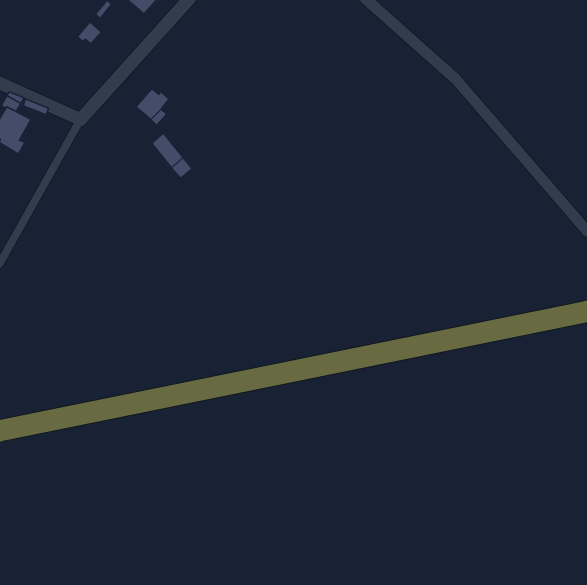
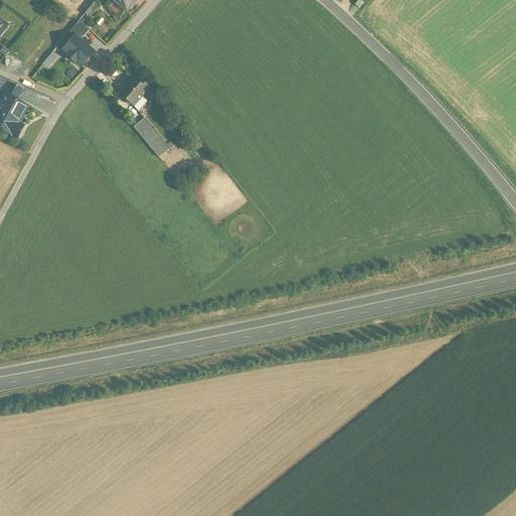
building: none -> [62,34,94,66]

